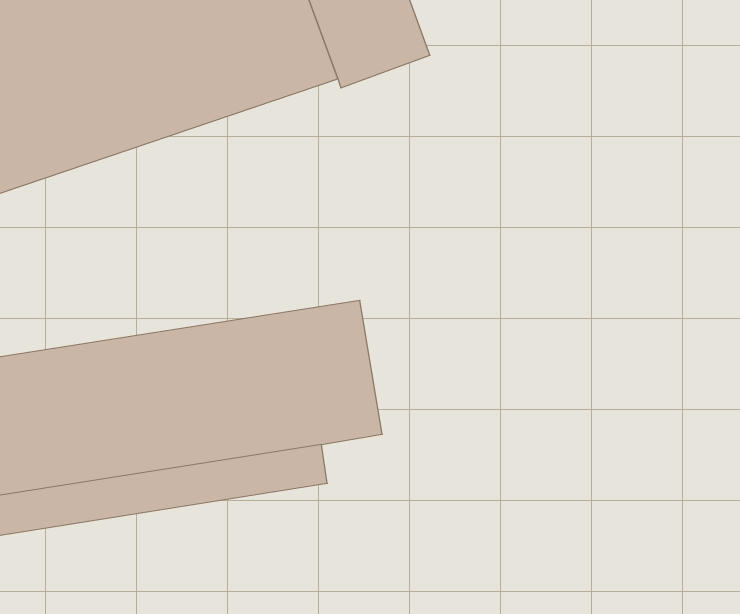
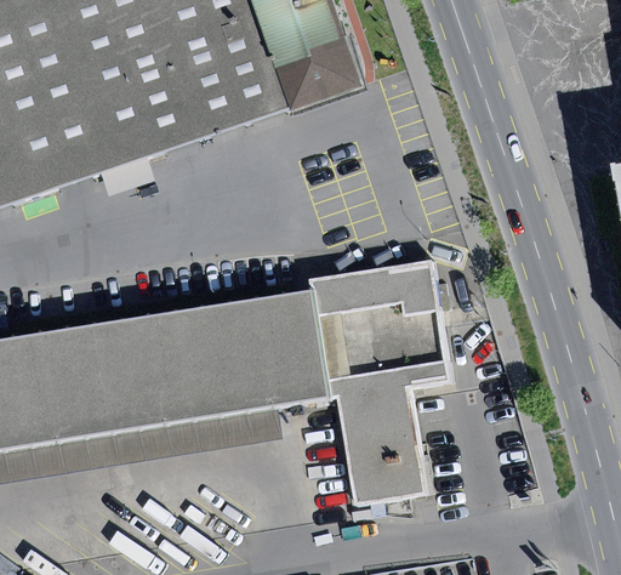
building: none -> [306,257,451,505]

